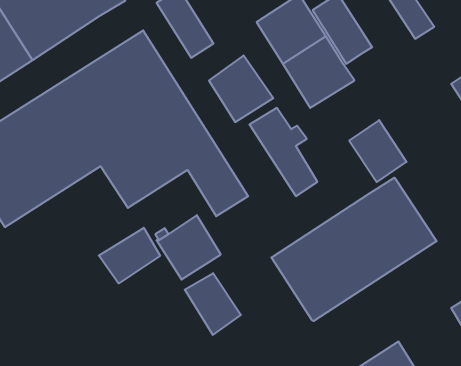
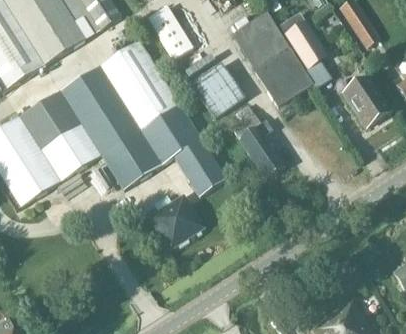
building: [349,120,407,182] -> [342,75,390,127]
building: [271,178,437,321] -> none
building: [99,228,160,283] -> none
building: [185,273,241,335] -> none

